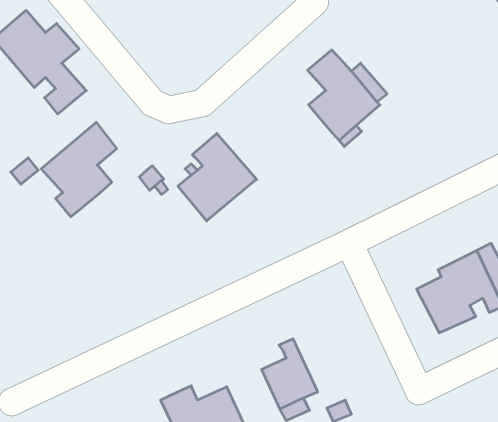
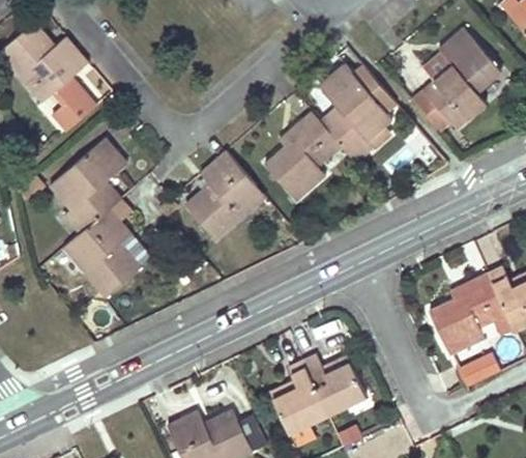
building: none -> [412,28,501,131]
building: none -> [264,113,341,201]
building: none -> [61,200,138,298]
building: none -> [458,350,502,385]
building: none -> [303,352,369,413]

